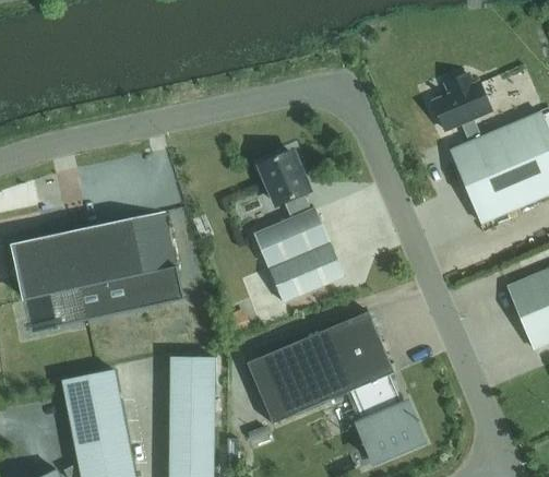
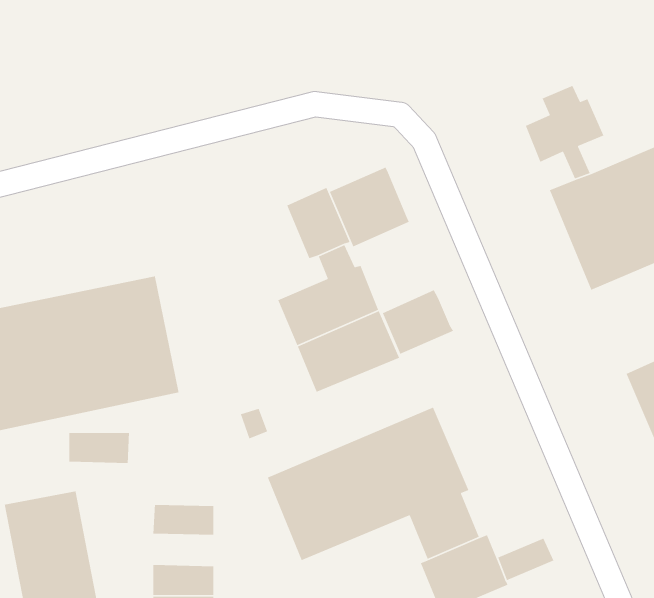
building: none -> [329,166,410,247]
building: none -> [382,289,454,355]
building: [167,358,212,381] -> [68,432,130,464]
building: [166,402,211,425] -> none
building: none -> [497,537,555,581]

